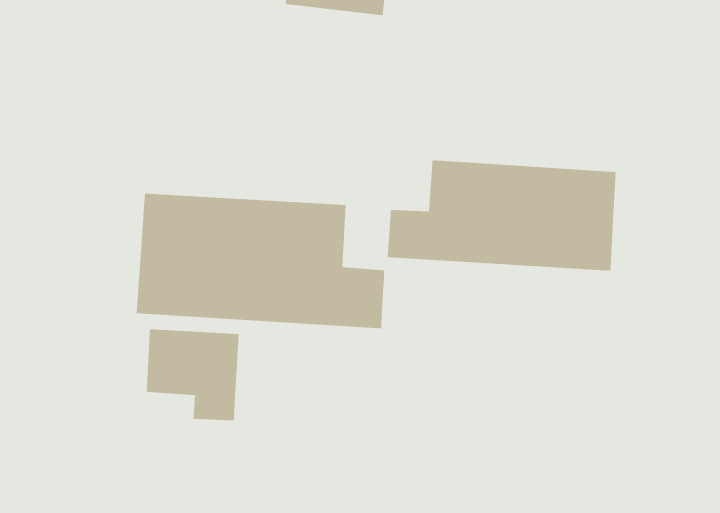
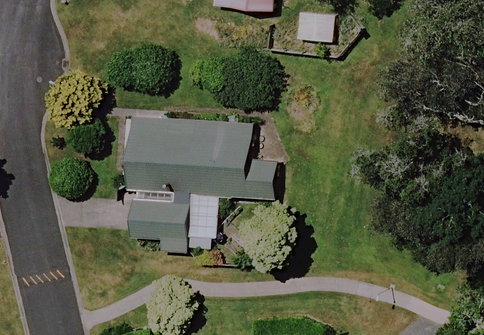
building: [387,160,616,272] -> none

